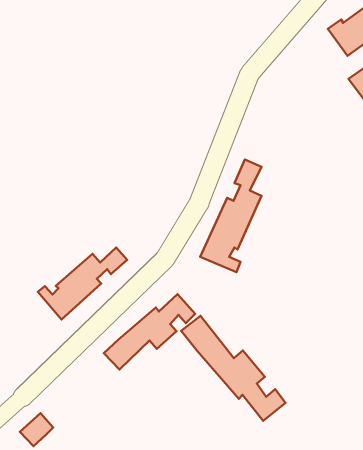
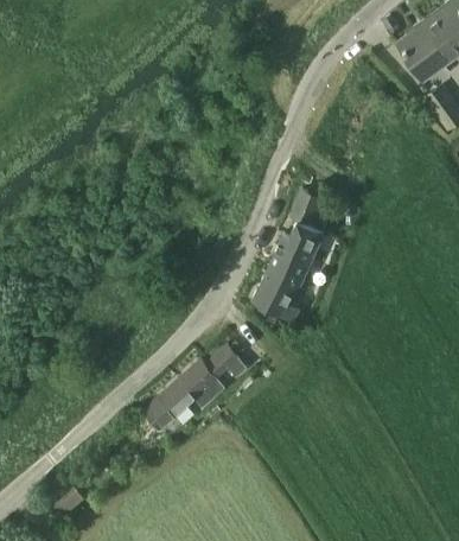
building: [38,247,127,319] -> none
building: [181,316,285,421] -> none

